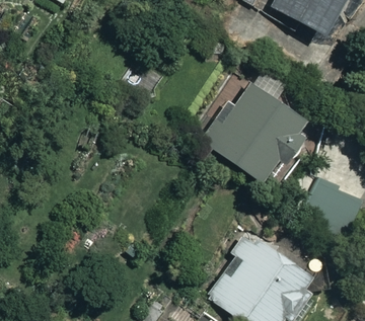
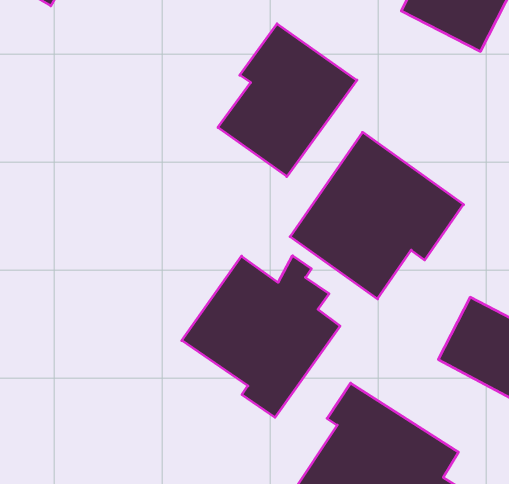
building: none -> [218,24,357,177]
building: none -> [182,256,340,417]

